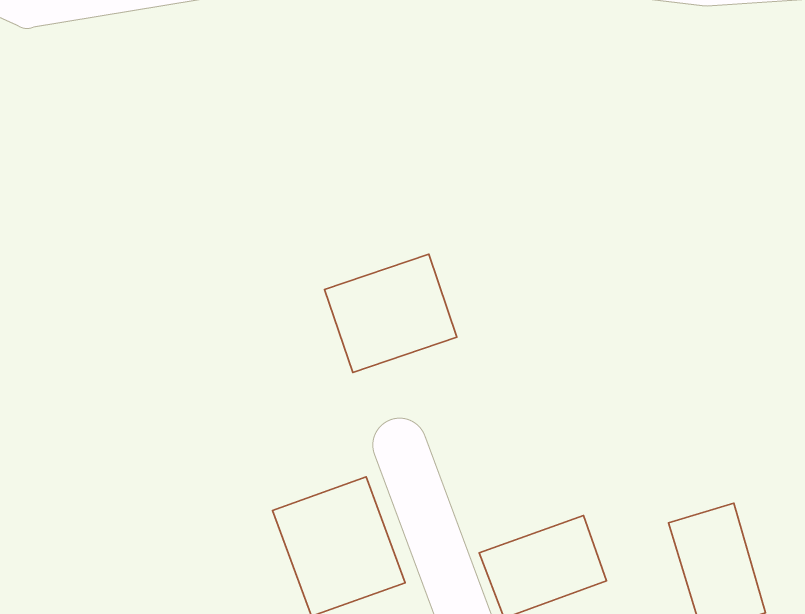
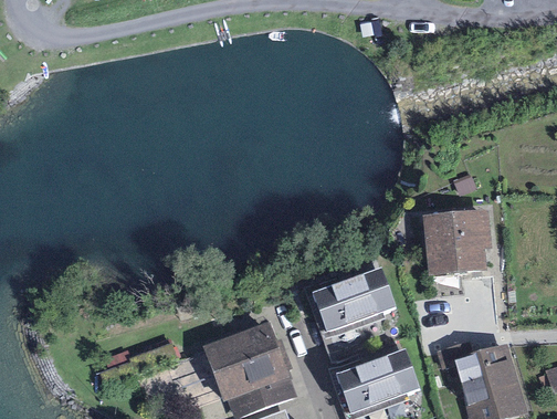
building: [324,254,457,372] -> [309,276,392,350]
building: none -> [430,210,486,270]

